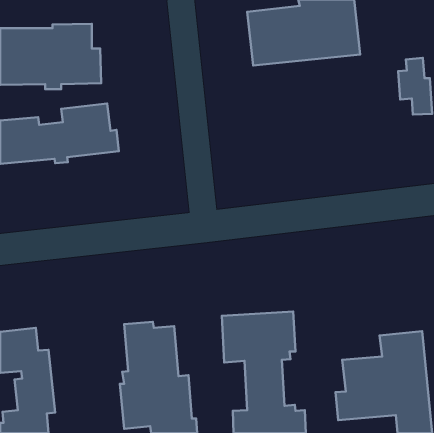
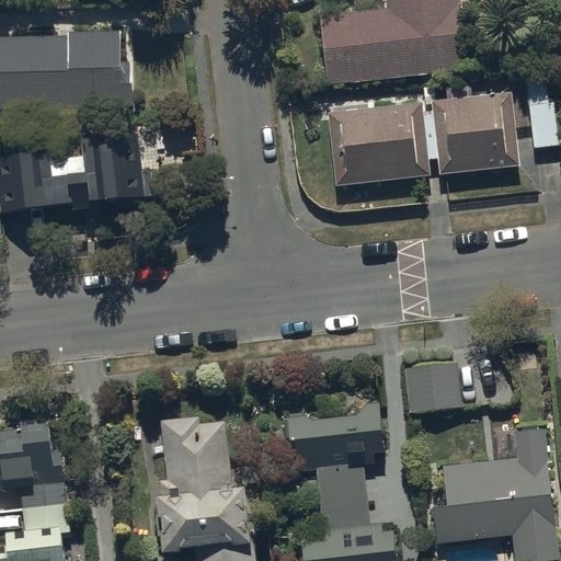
building: none -> [328,81,517,185]
building: none -> [404,362,488,413]

